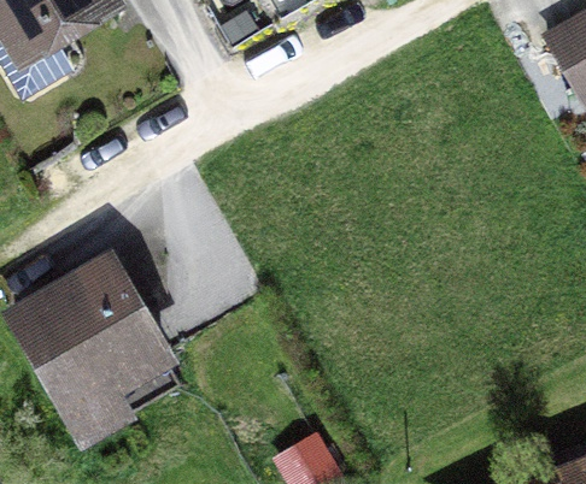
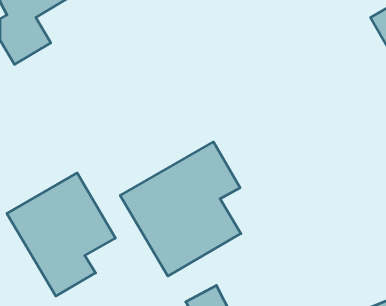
building: none -> [120,142,241,276]

